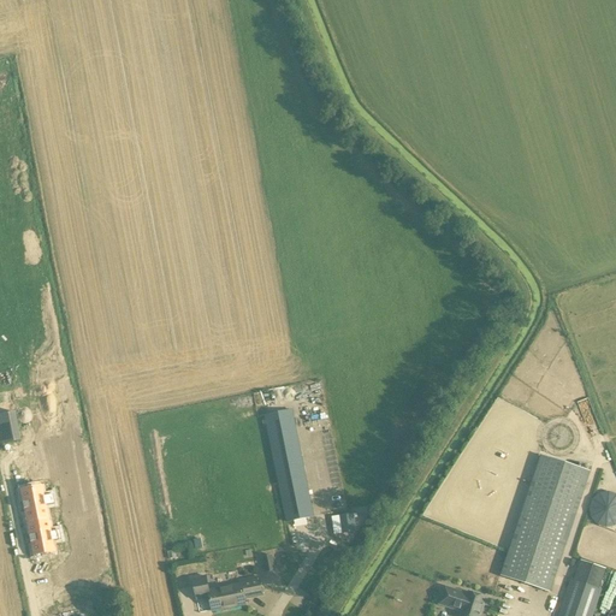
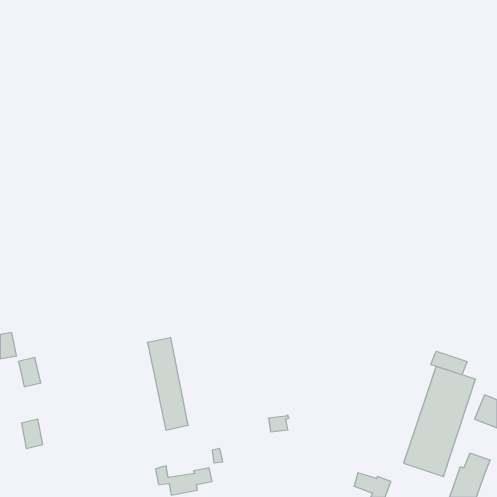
building: [263,409,314,523] -> [147,338,188,430]
building: none -> [431,351,467,375]
building: [19,487,47,523] -> [18,358,41,387]

